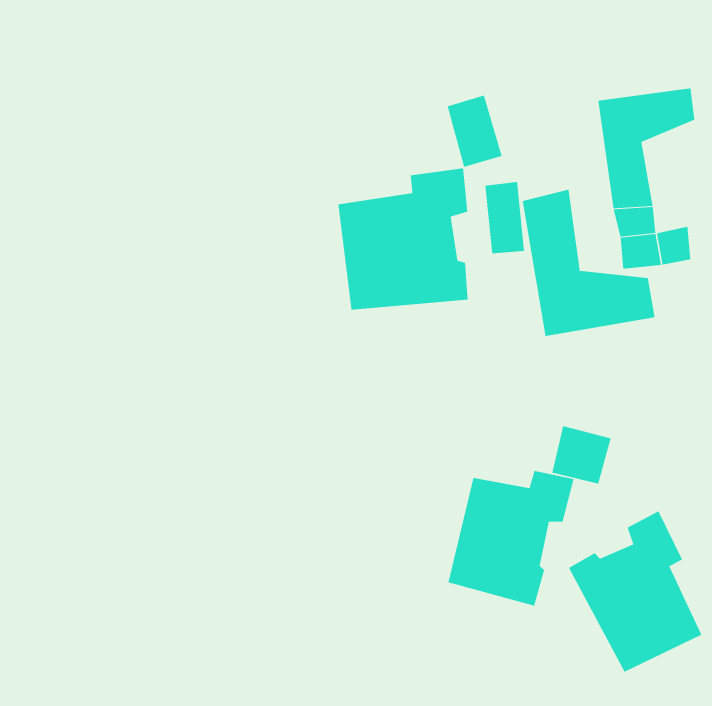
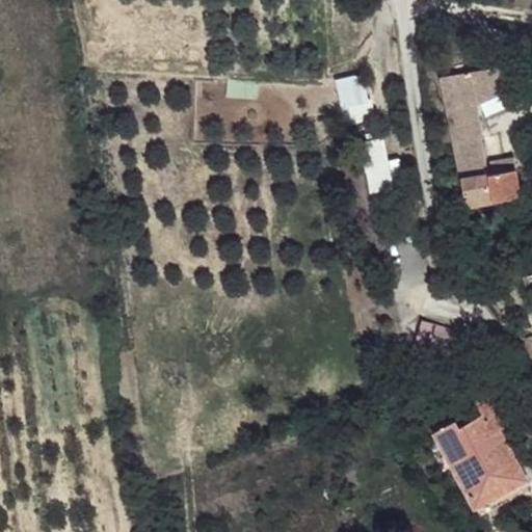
building: [338,167,468,310] -> none
building: [522,189,655,337] -> none
building: [448,470,574,607] -> none

